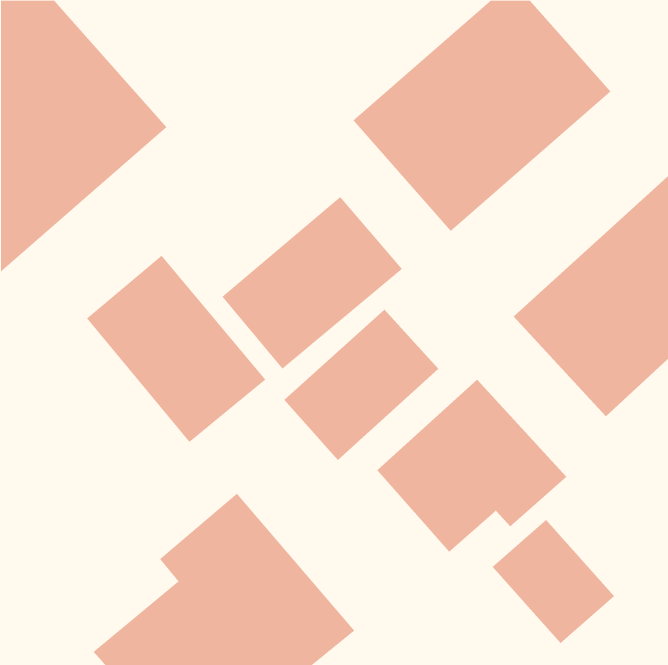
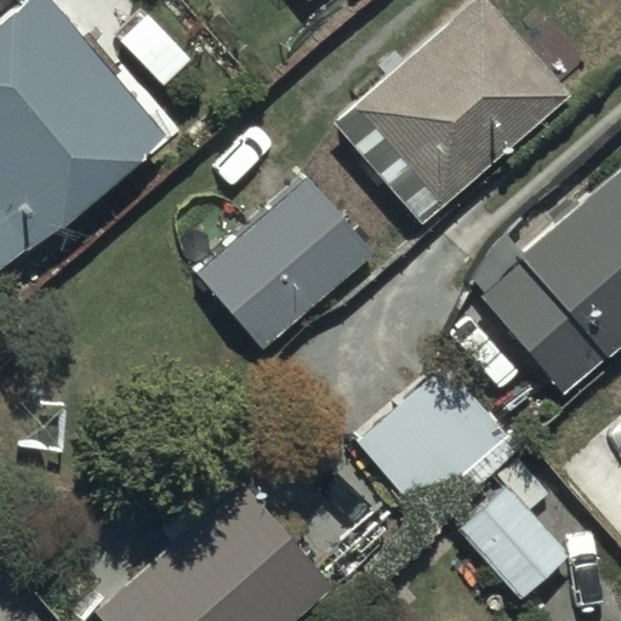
building: [86,255,266,443] -> none
building: [283,309,439,461] -> none

